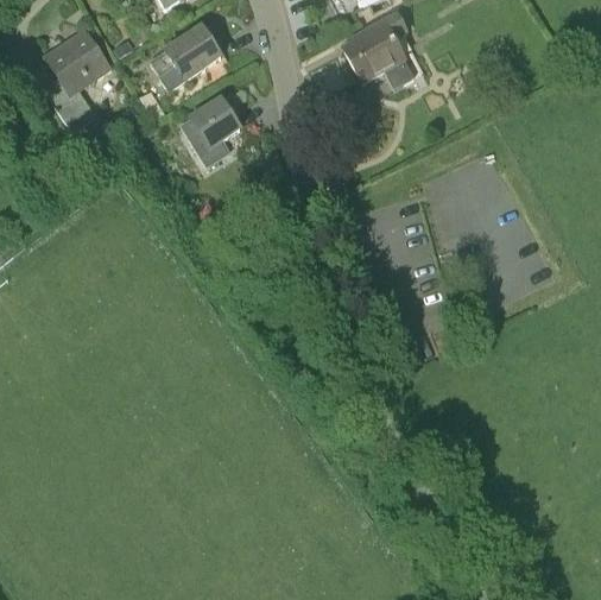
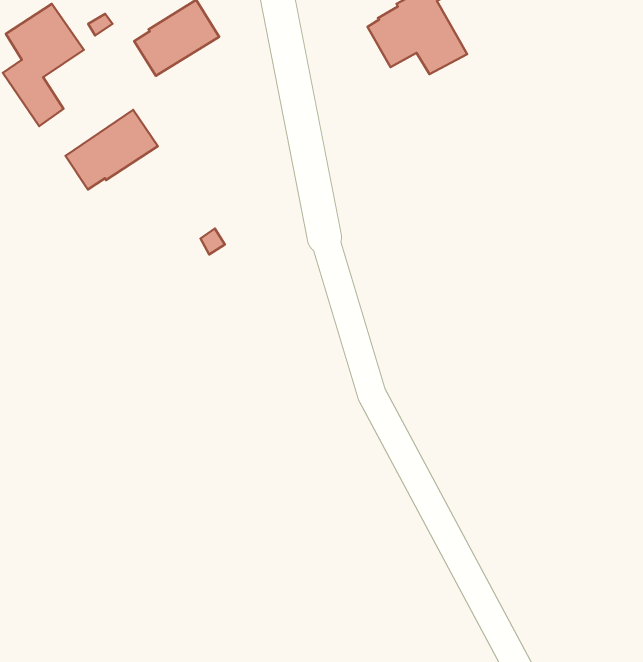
building: [190,97,240,146] -> none
building: none -> [66,110,158,190]

